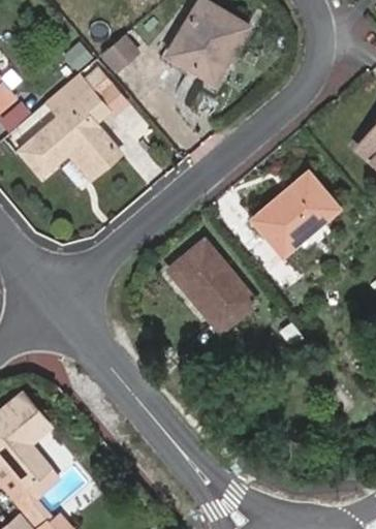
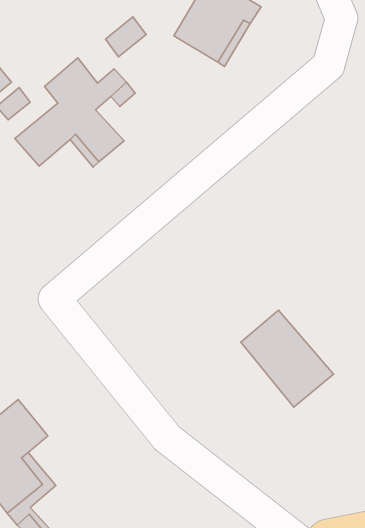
building: [253,172,338,255] -> none
building: [169,241,256,332] -> [241,310,334,407]

